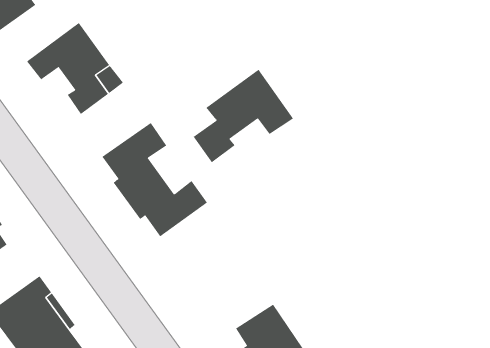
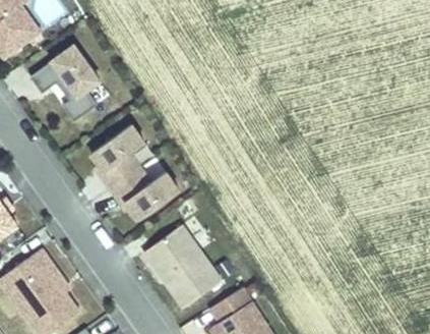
building: [193,69,294,163] -> none
building: none -> [136,214,212,295]

